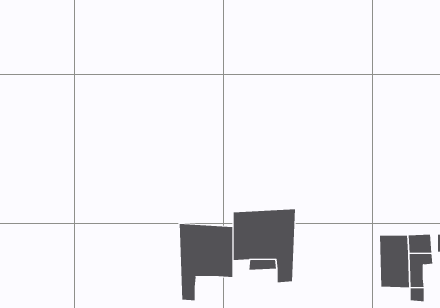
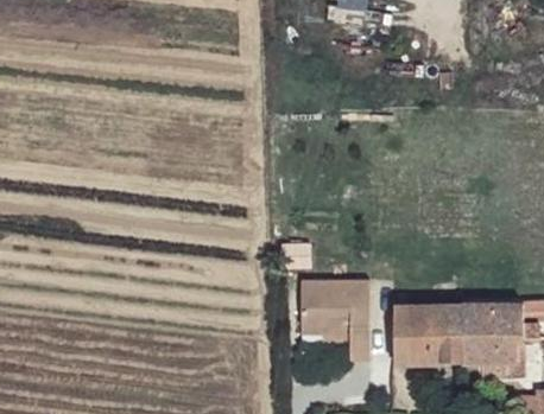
building: [179,223,233,301] -> none
building: none -> [394,304,464,362]

